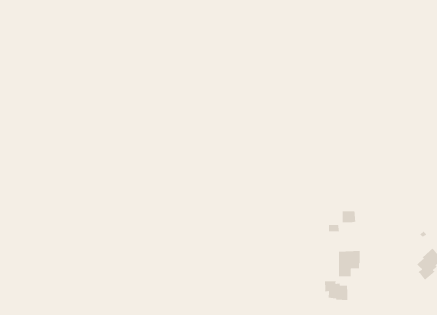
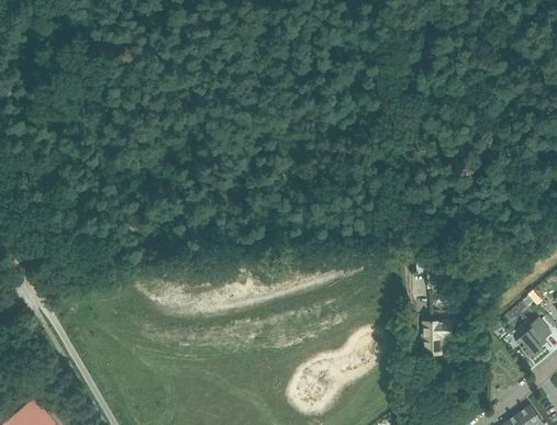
building: [324,280,348,301] -> none

